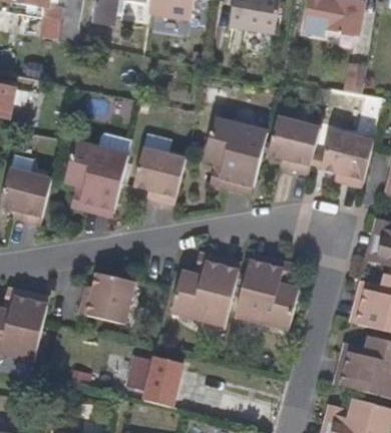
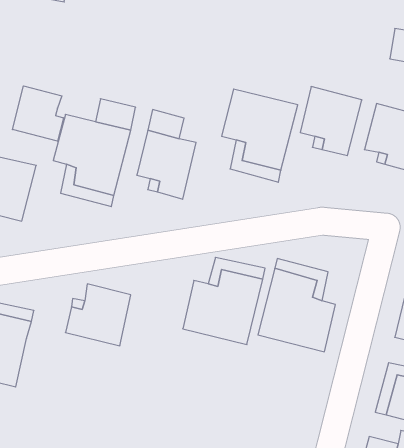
building: none -> [12,86,64,141]
building: [128,356,184,408] -> none

